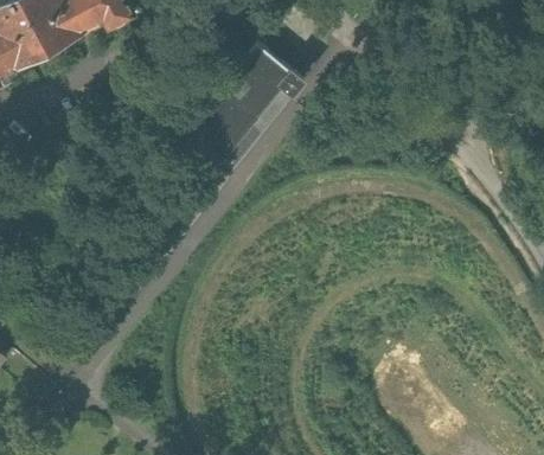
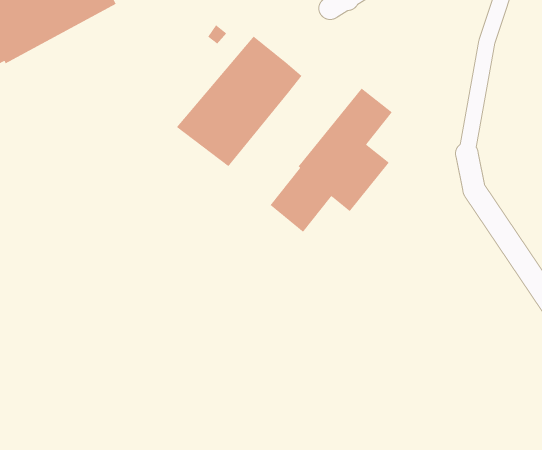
building: none -> [270,87,393,233]

